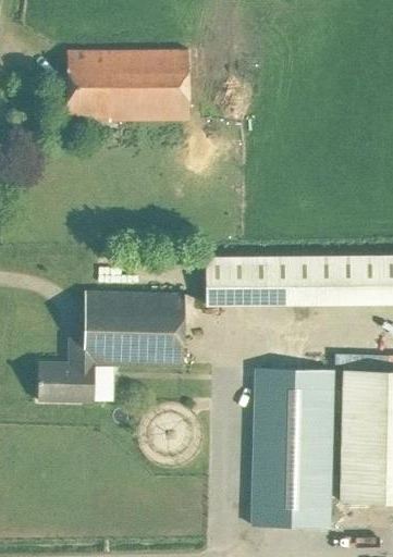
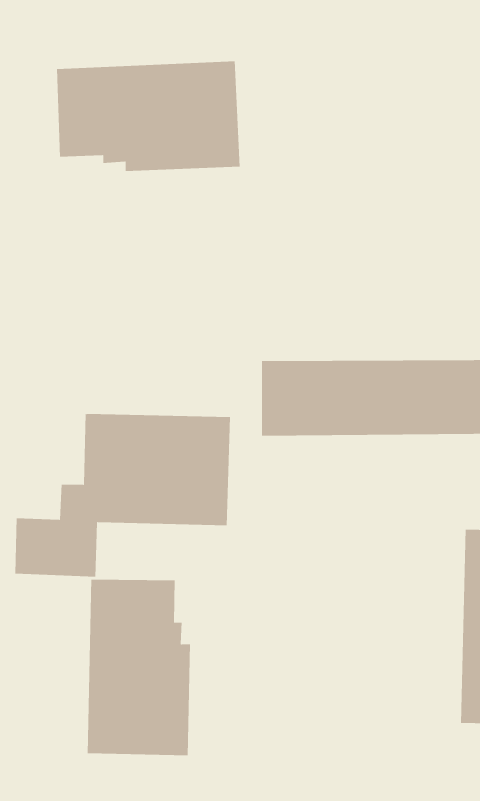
building: [251,368,334,527] -> none
building: none -> [87,579,190,756]

